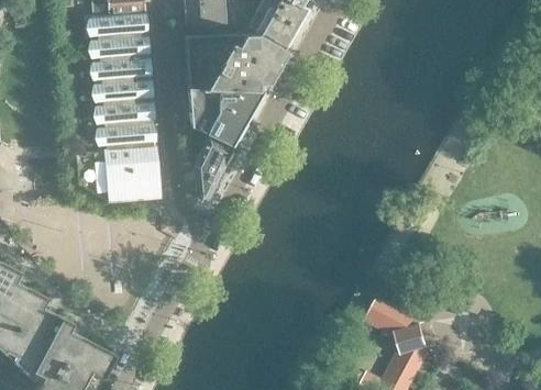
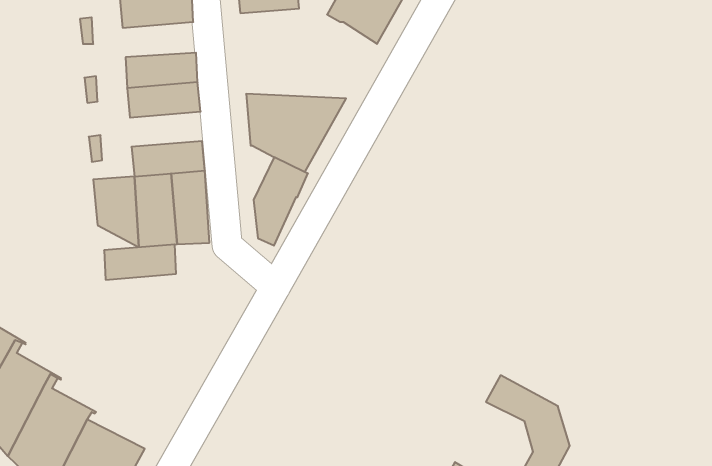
building: [95,34,150,60] -> none
building: [183,34,286,91] -> none
building: [100,101,154,127] -> [104,244,176,280]

